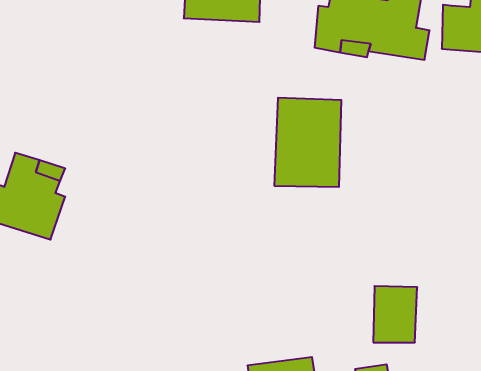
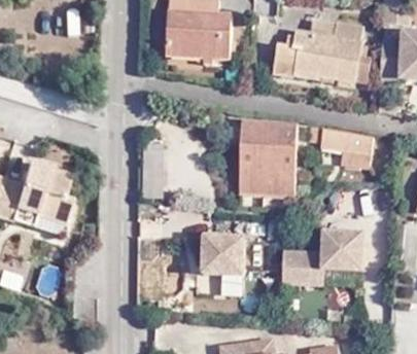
building: none -> [311,123,374,165]
building: none -> [282,227,363,282]
building: none -> [202,233,244,273]

